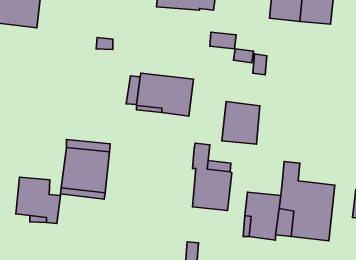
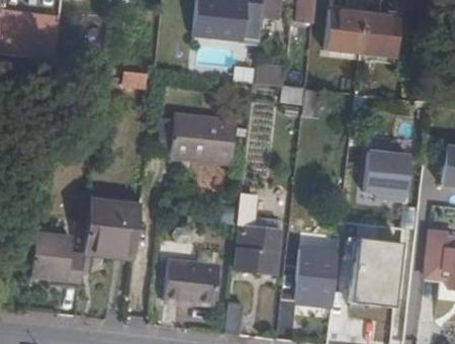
building: [222,102,260,144] -> none
building: none -> [364,151,410,197]
building: none -> [165,259,218,305]

